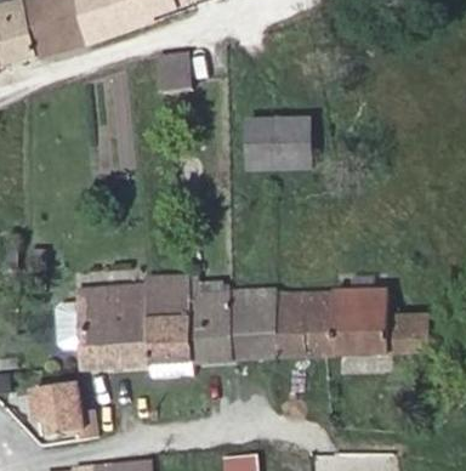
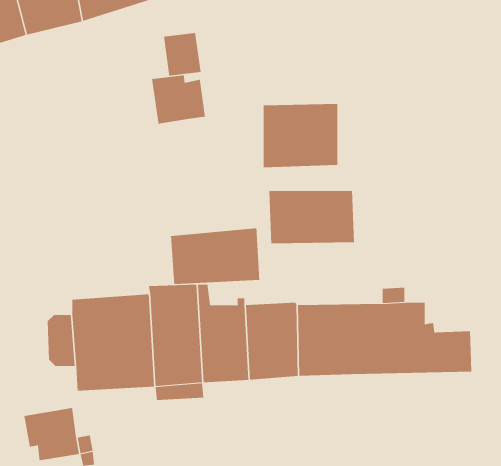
building: none -> [152,74,205,125]
building: none -> [269,190,355,244]
building: none -> [171,227,260,285]

